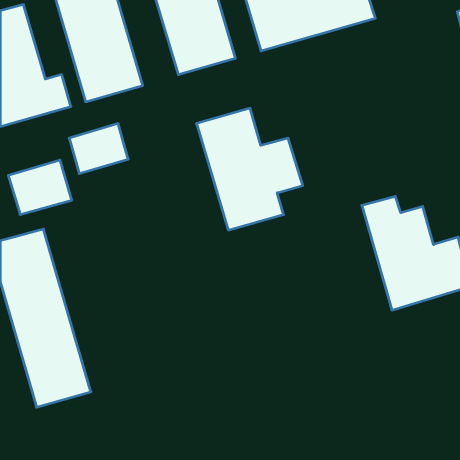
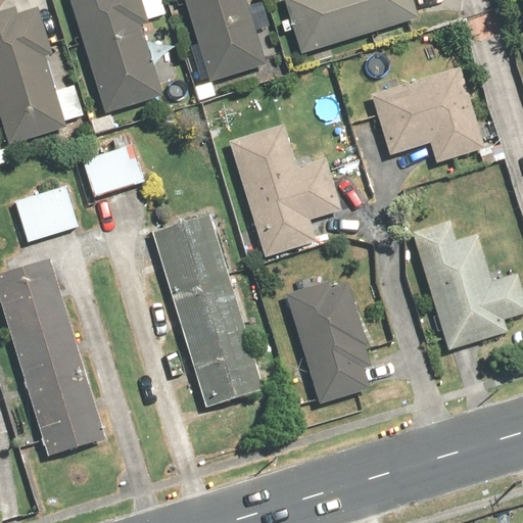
building: none -> [366,64,487,163]
building: none -> [151,213,263,412]
building: none -> [283,275,381,402]

